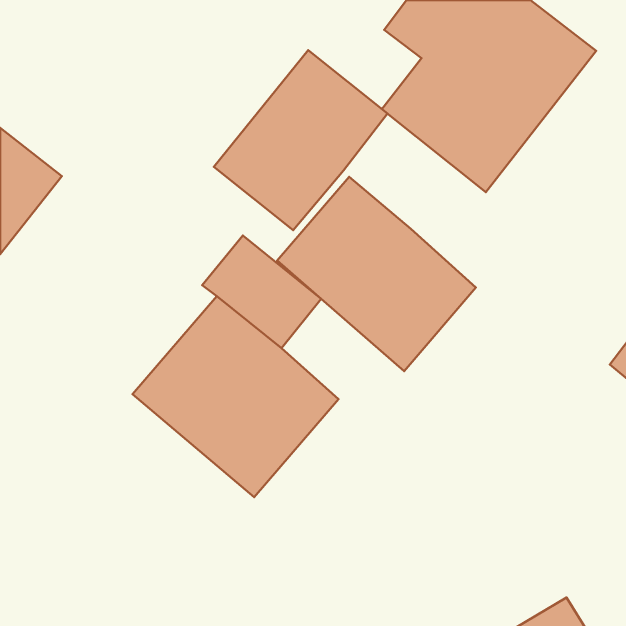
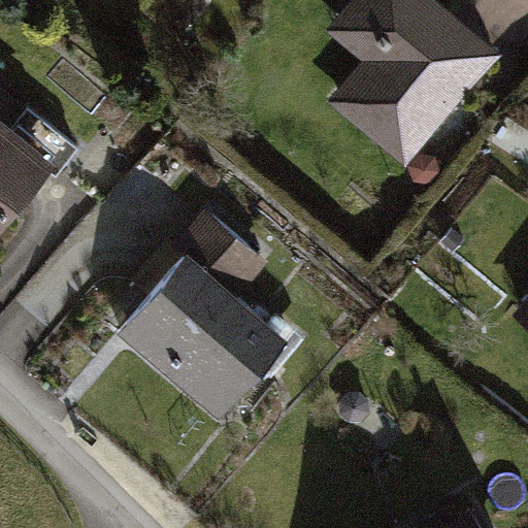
building: [214,50,387,230] -> none
building: [277,177,476,371] -> none

